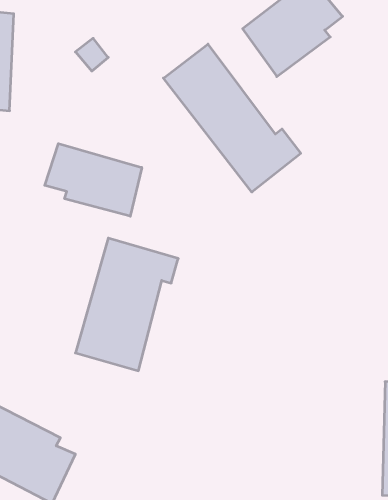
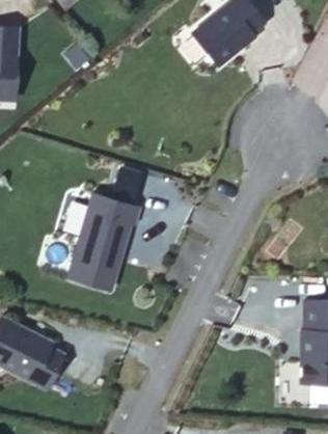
building: [163,44,301,192] -> none
building: [45,144,142,216] -> none

